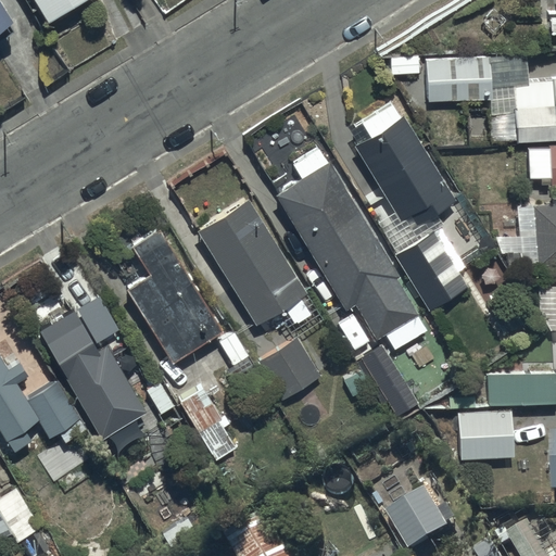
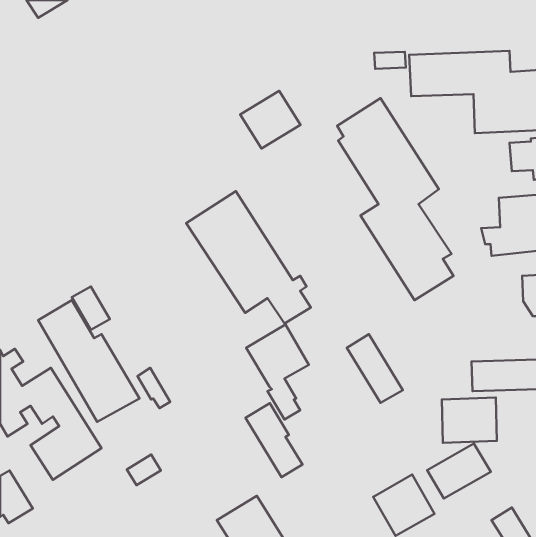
building: none -> [240,91,301,149]
building: [274,147,431,351] -> none
building: [102,227,223,362] -> none
building: [178,386,237,462] -> [245,403,302,477]
building: none -> [427,444,491,498]

